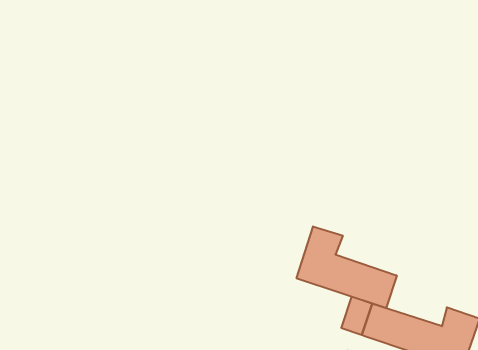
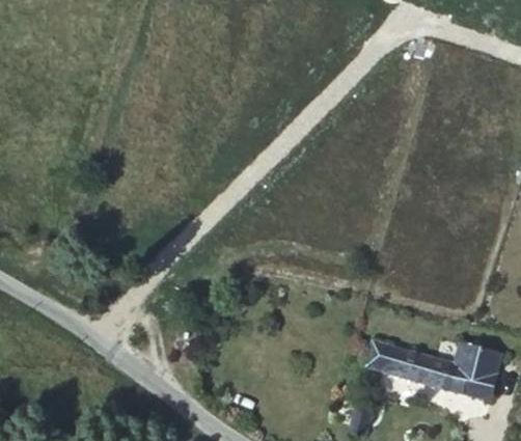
building: [297,226,397,308] -> none

